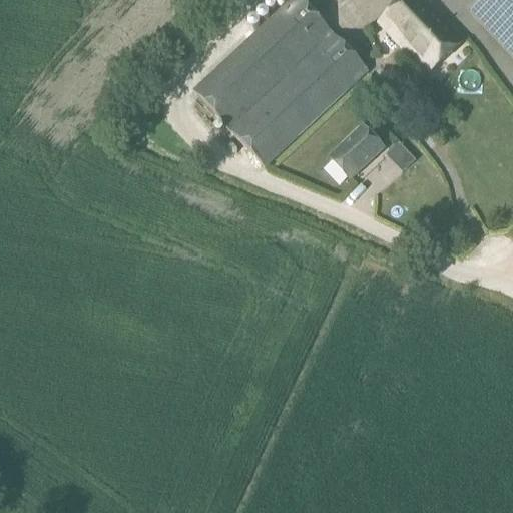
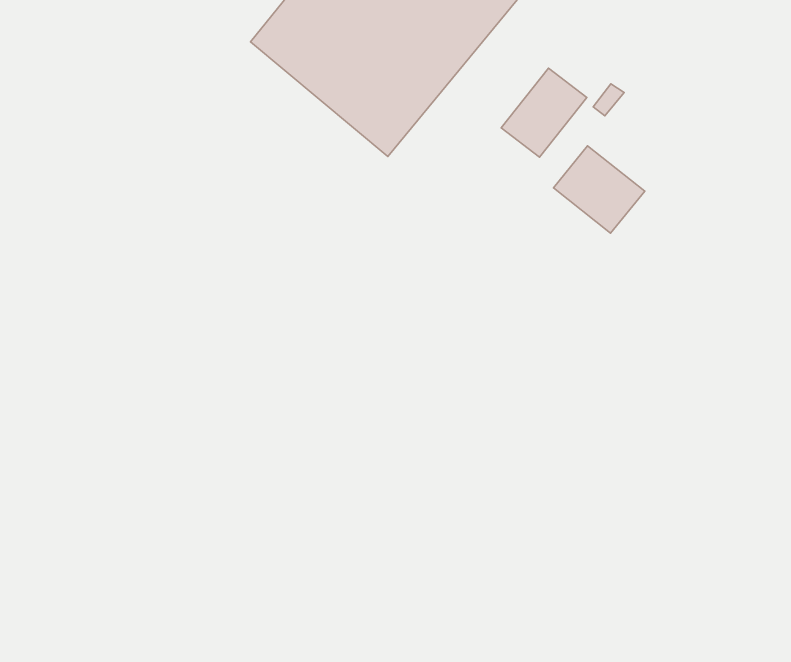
building: none -> [554,146,645,233]

